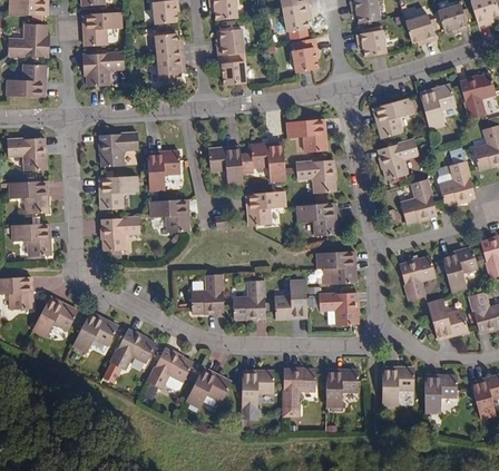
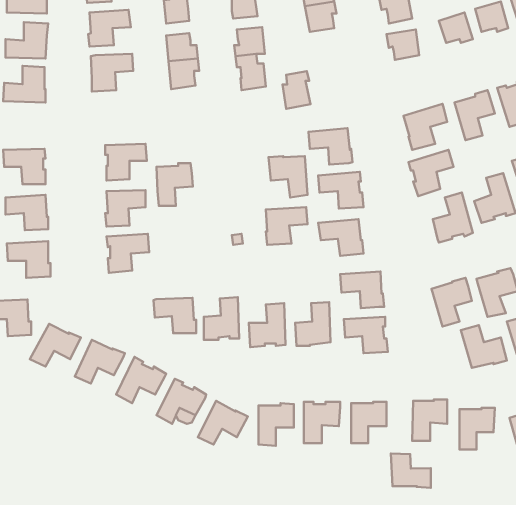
building: [293,38,319,72] -> [282,71,310,109]
building: [208,148,243,184] -> none
building: [149,199,188,232] -> [154,298,196,333]
building: none -> [391,454,431,488]

